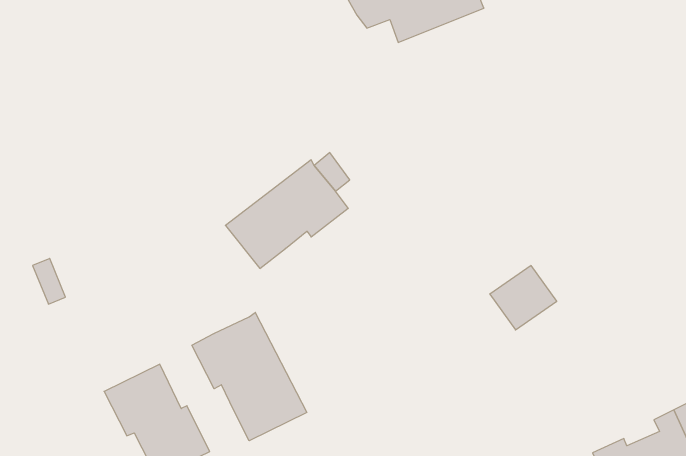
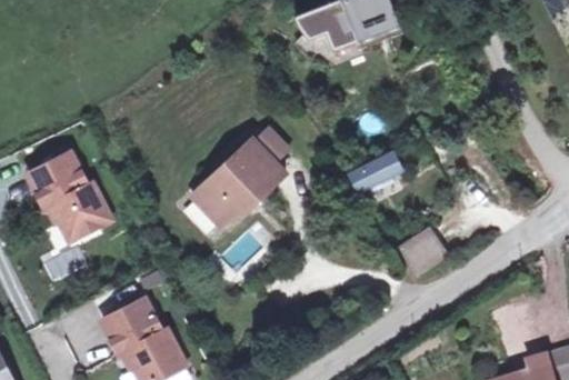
building: none -> [353,147,411,189]
building: none -> [33,154,116,243]
building: [192,312,307,441] -> none

